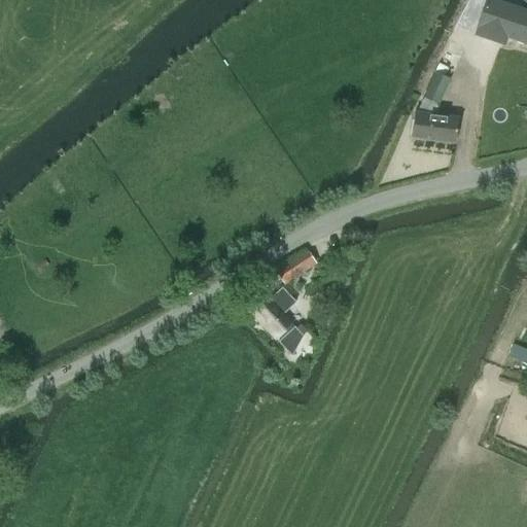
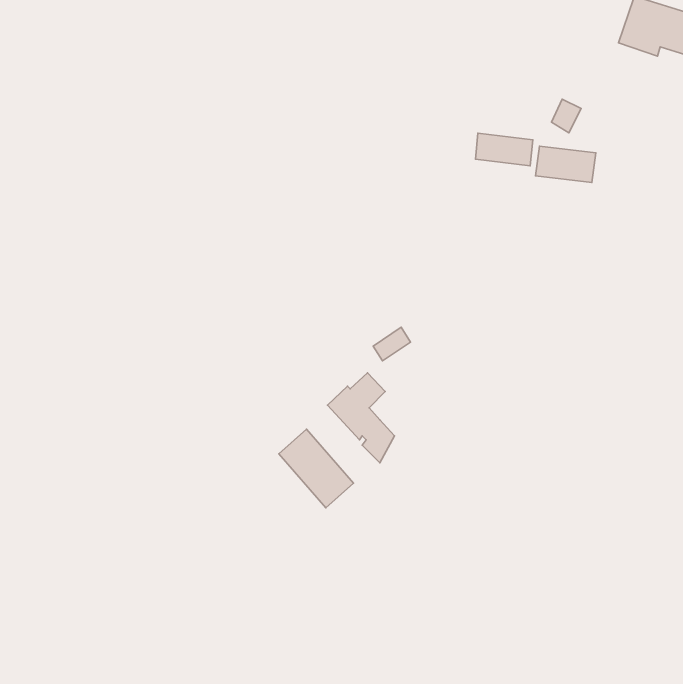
building: none -> [475,133,533,166]
building: none -> [279,429,353,508]

